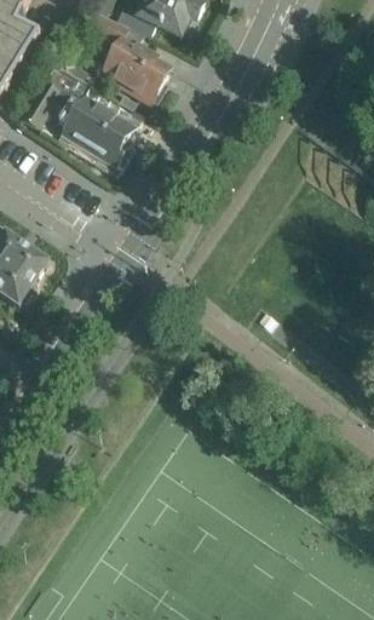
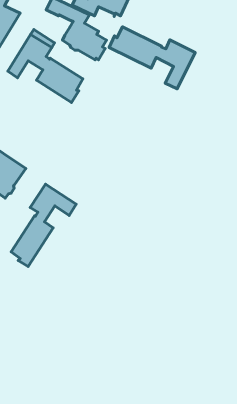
building: none -> [109,27,195,89]
building: none -> [11,184,76,267]

